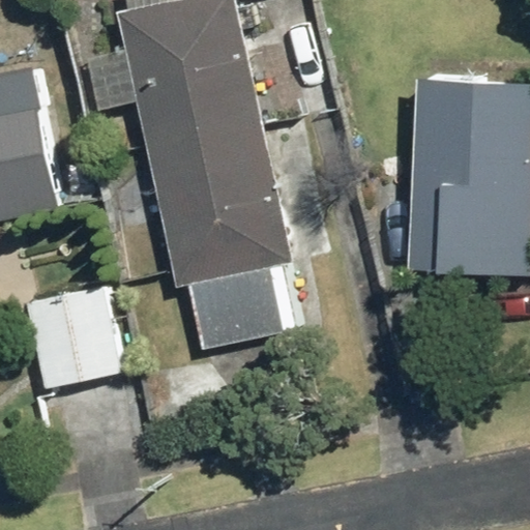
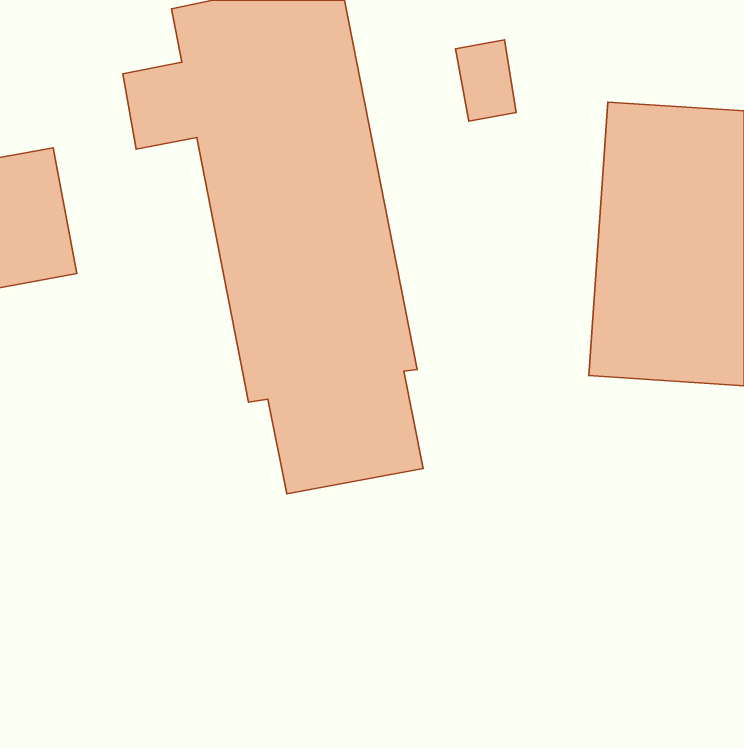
building: [25,284,121,388] -> none

